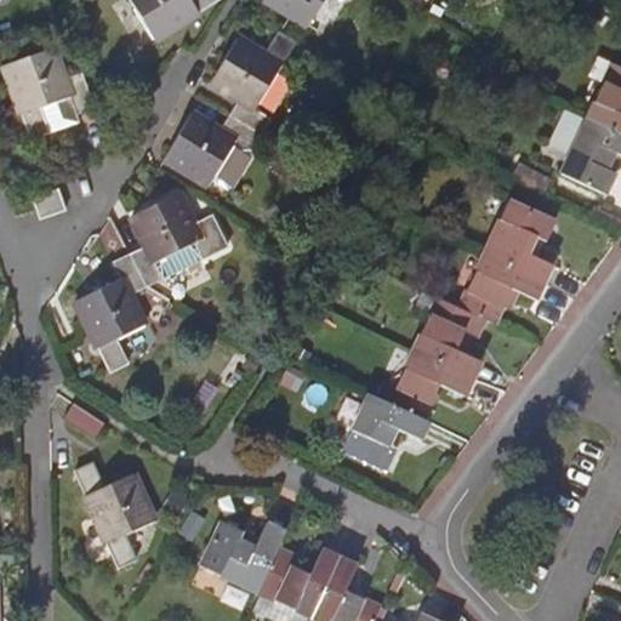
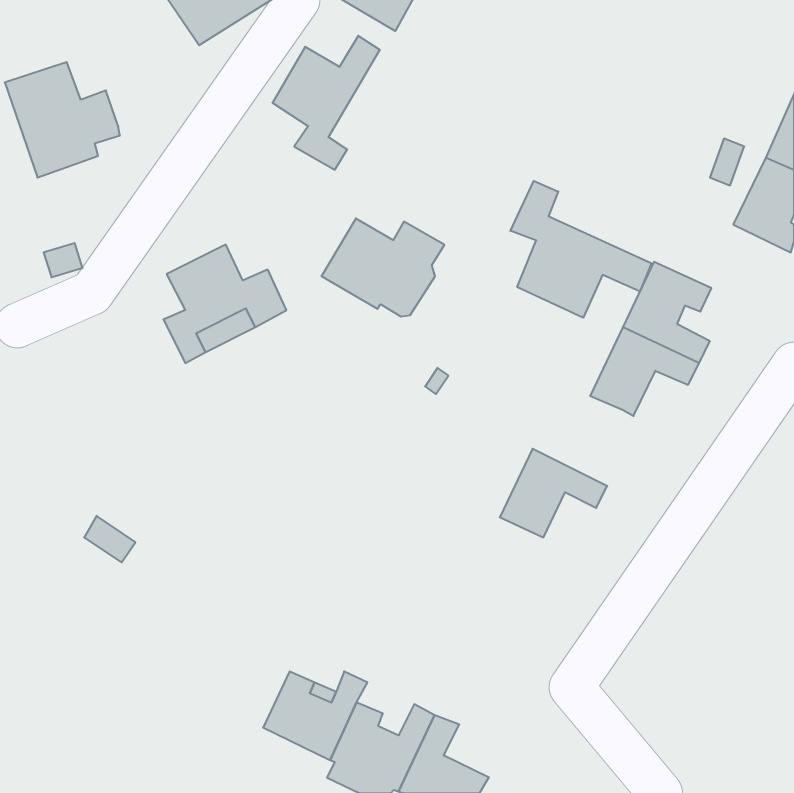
building: [165,112,261,188] -> [321,218,444,317]
building: none -> [510,181,651,318]
building: [74,249,144,370] -> none
building: [415,298,485,378] -> none
building: [344,393,429,468] -> none
building: [68,461,141,569] -> none

